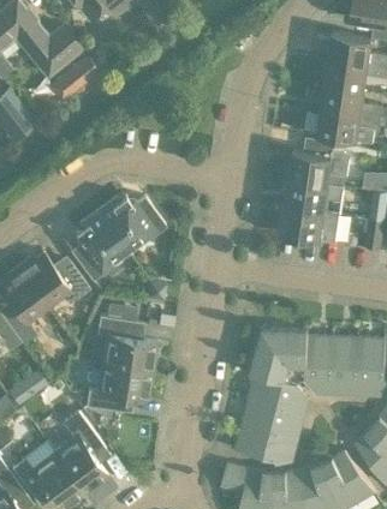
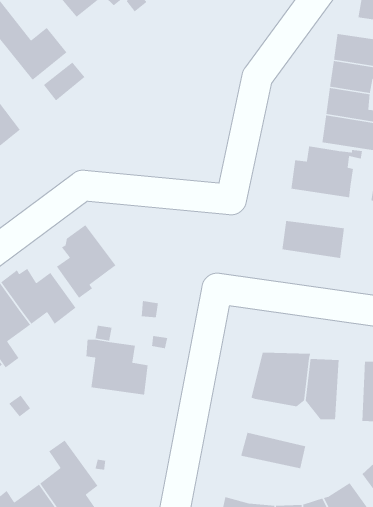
building: [284,178,344,214] -> none
building: [97,194,165,248] -> none
building: [331,336,357,394] -> none
building: [87,363,153,412] -> none
building: [248,373,308,417] -> none
building: [236,426,298,463] -> none

